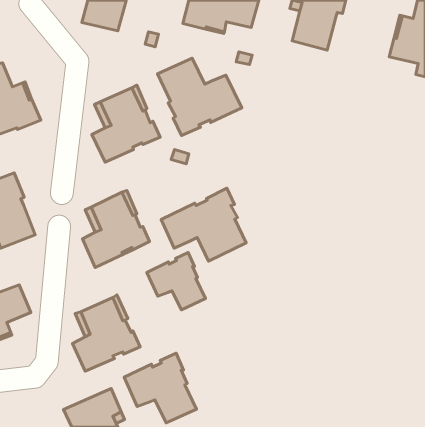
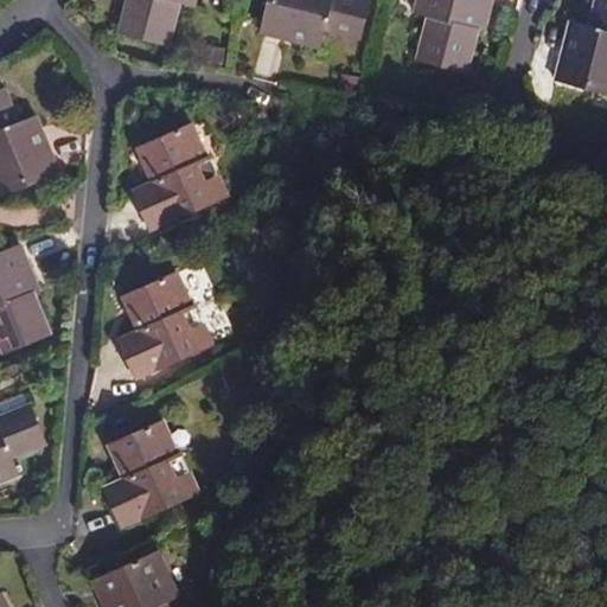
building: [158,58,242,136] -> none
building: [161,188,246,261] -> none
building: [147,253,205,310] -> none
building: [124,353,196,423] -> none

